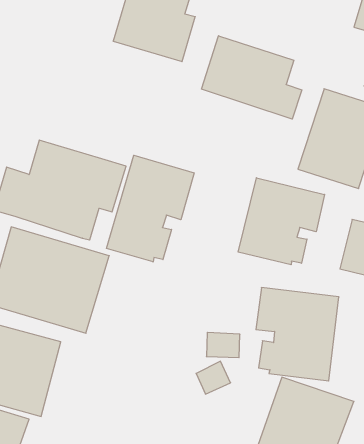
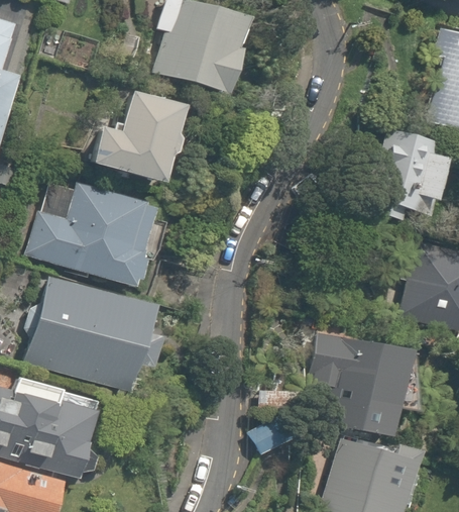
building: [201,36,302,119] -> none
building: none -> [90,86,185,186]
building: [107,155,194,262] -> none
building: [238,178,325,265] -> none

